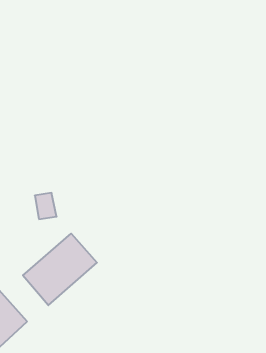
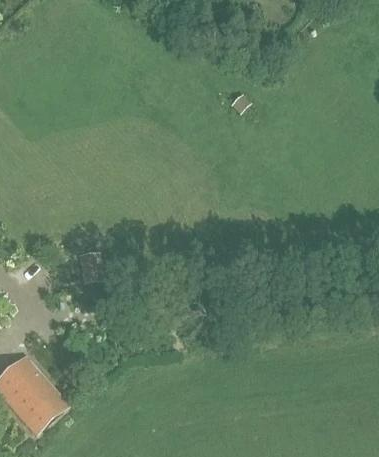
building: [23,234,97,305] -> none

